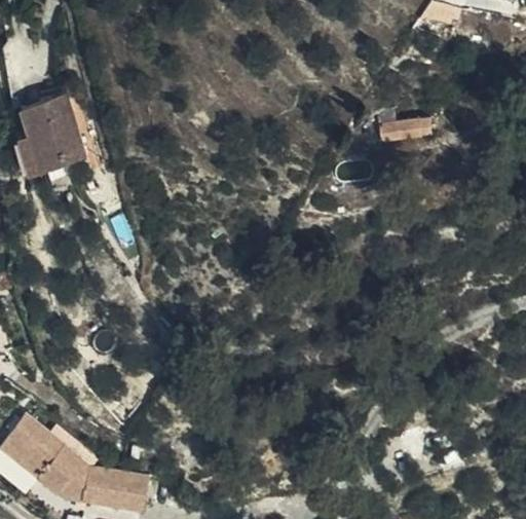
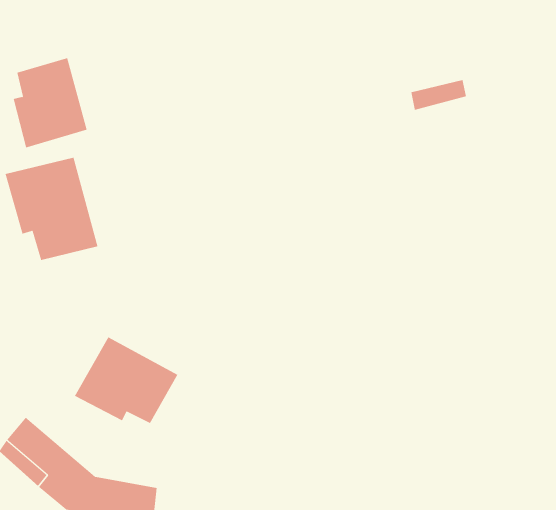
building: none -> [5,157,98,261]
building: none -> [74,337,178,424]

